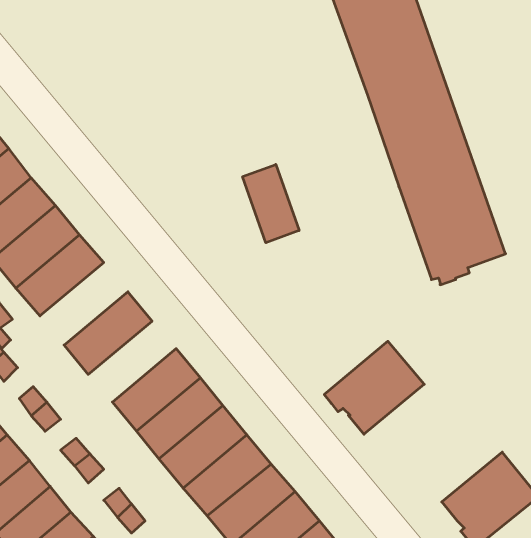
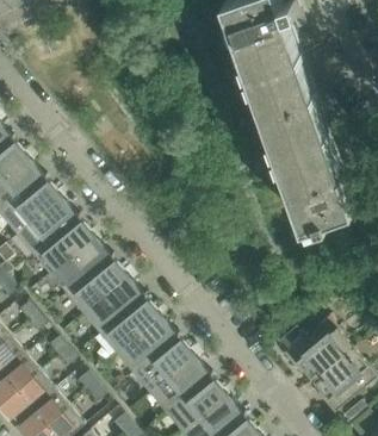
building: [243,164,299,243] -> none
building: none -> [33,217,94,274]
building: none -> [67,257,128,313]
building: [324,341,424,434] -> [284,318,353,382]

